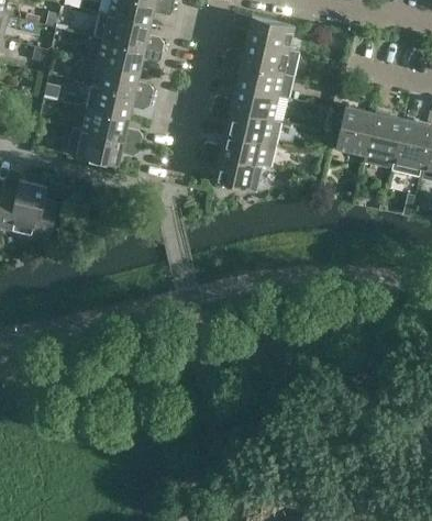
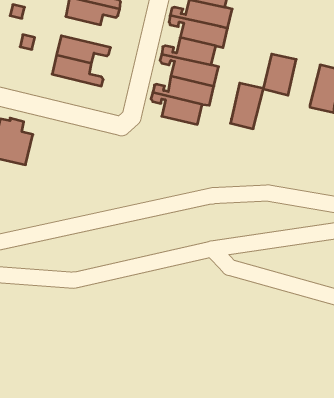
building: [92,60,154,98] -> none
building: [364,112,403,167] -> [230,83,263,129]
building: [67,128,141,164] -> none

